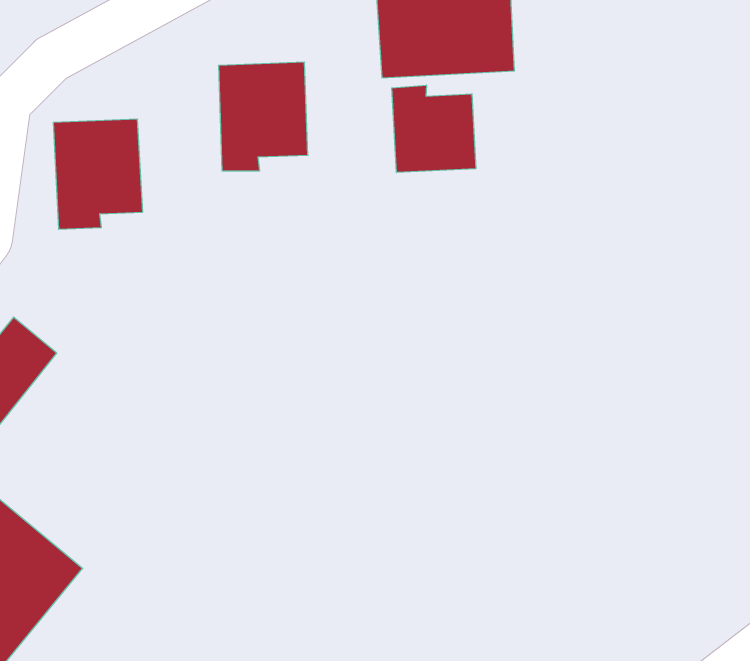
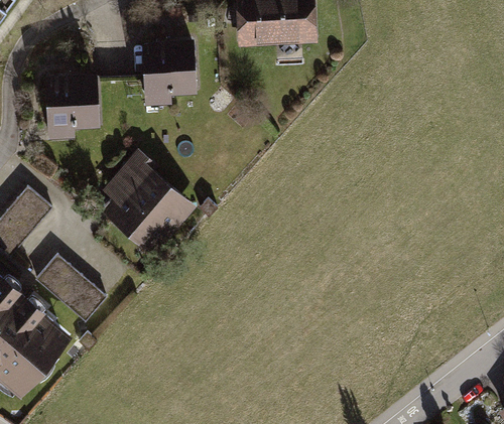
building: [392,85,476,173] -> none
building: none -> [101,147,196,255]
building: none -> [34,255,105,321]

